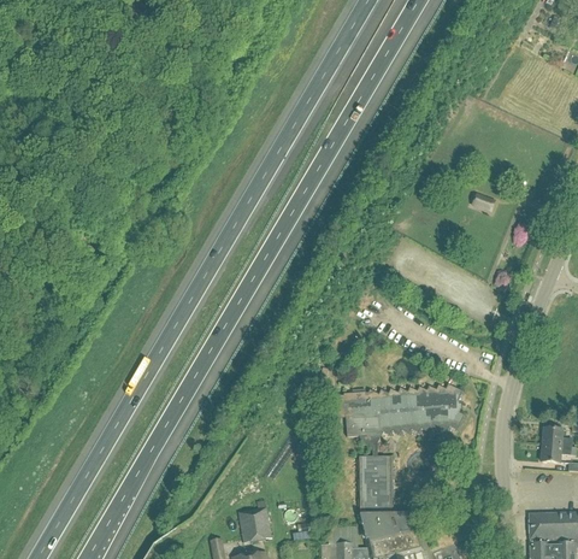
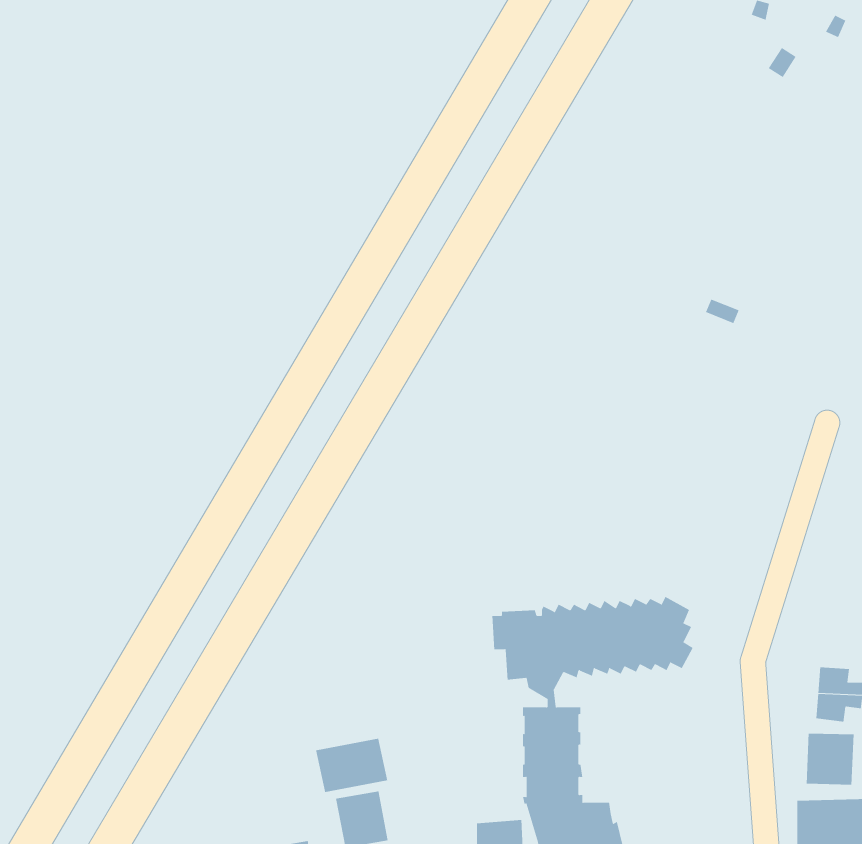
building: none -> [806,733,854,785]
building: none -> [316,738,388,793]

